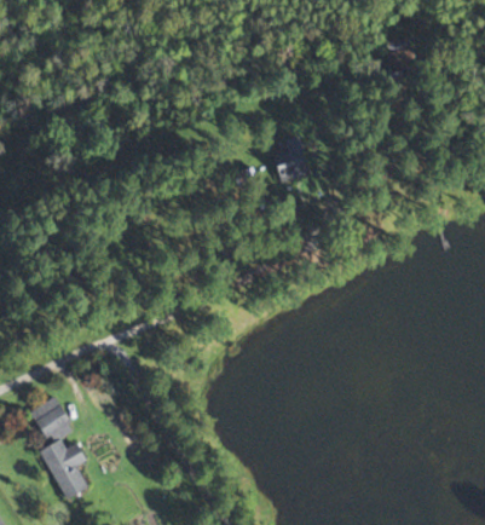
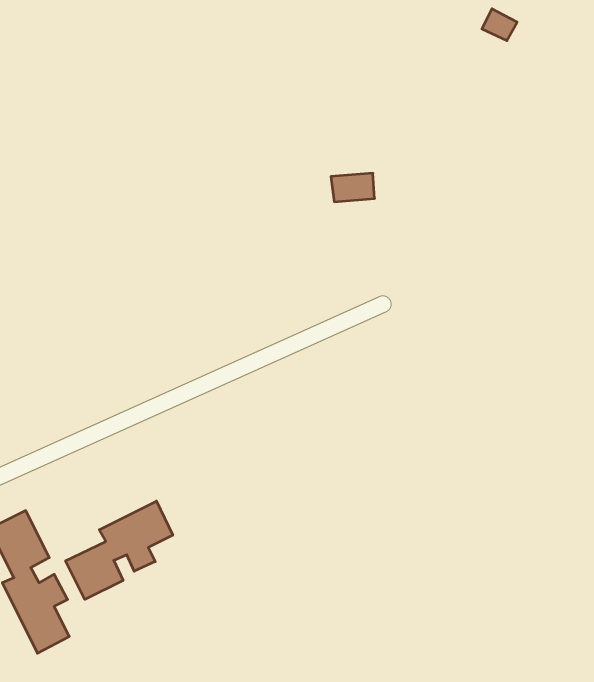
building: none -> [66,501,173,599]

